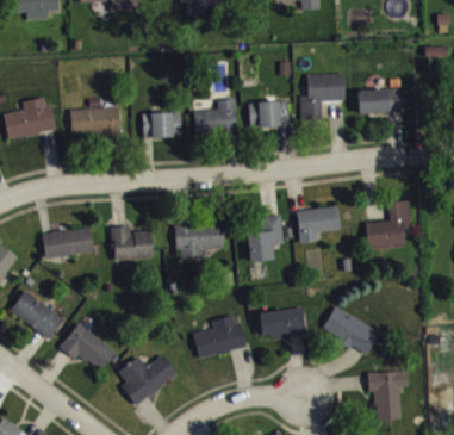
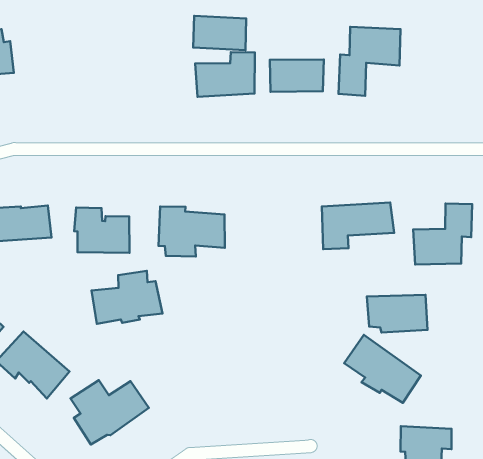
building: [357,88,403,113] -> none
building: [69,107,122,141] -> none
building: [142,112,182,137] -> [193,16,246,50]
building: [245,215,285,261] -> none
building: [259,307,306,338] -> [367,295,428,332]
building: [193,315,248,358] -> [91,271,163,324]

